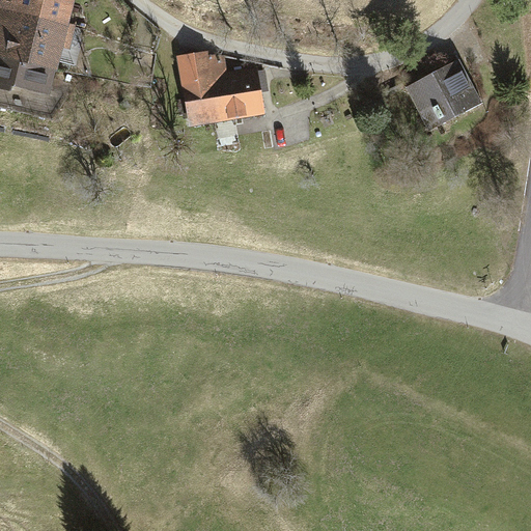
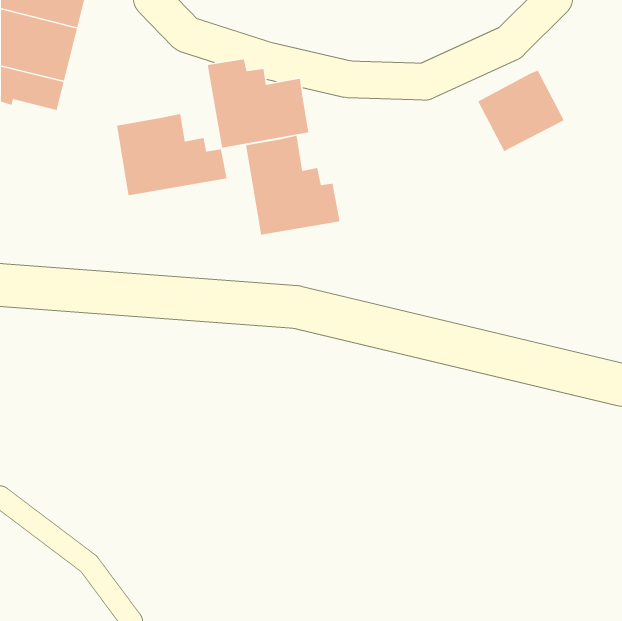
building: none -> [116,113,227,196]
building: none -> [245,135,340,236]

